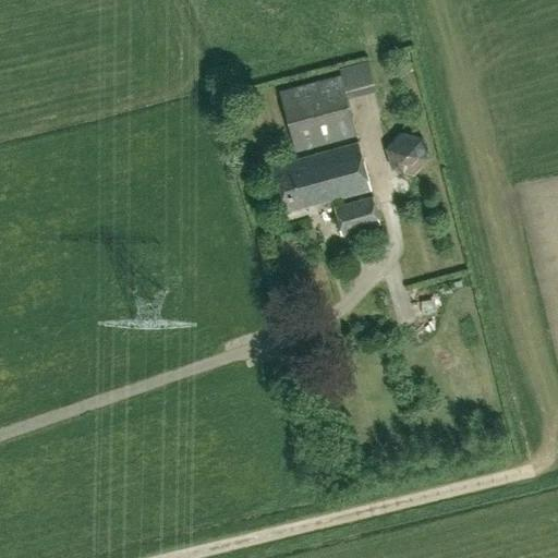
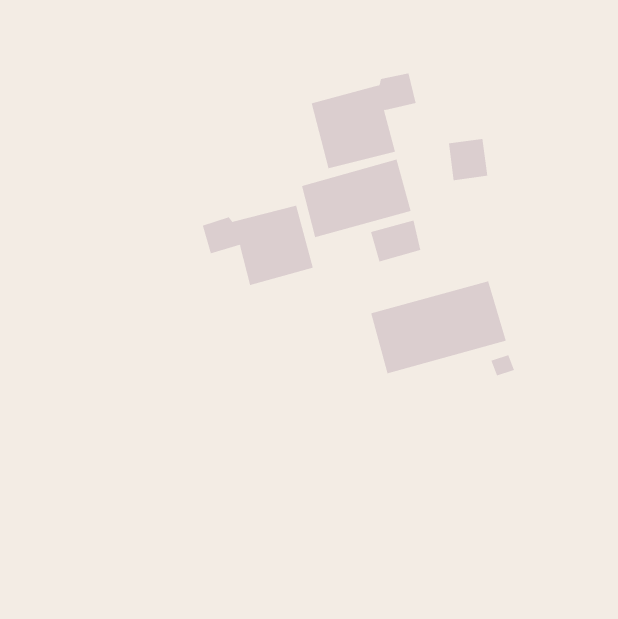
building: none -> [202,205,313,286]
building: none -> [370,280,506,374]

